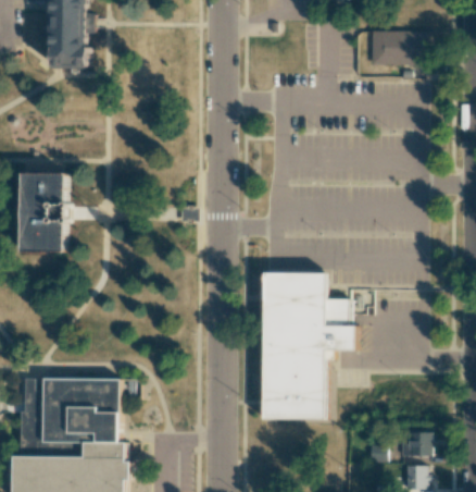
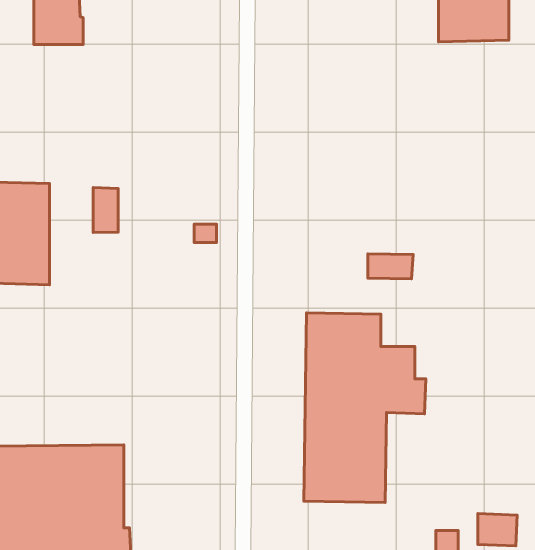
building: none -> [93,187,118,232]
building: none -> [368,254,413,279]

